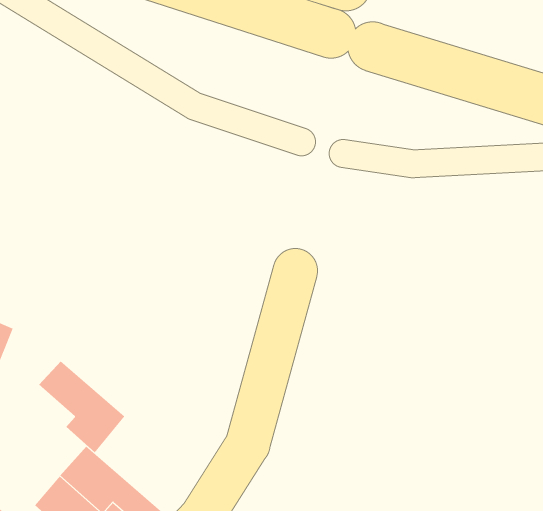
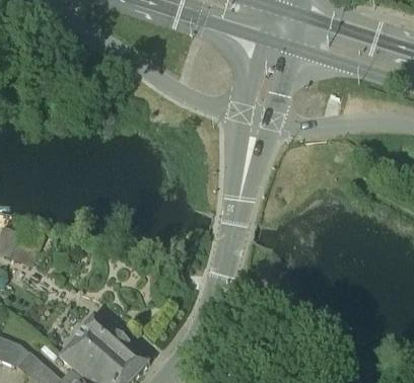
building: [38,360,125,453] -> none

